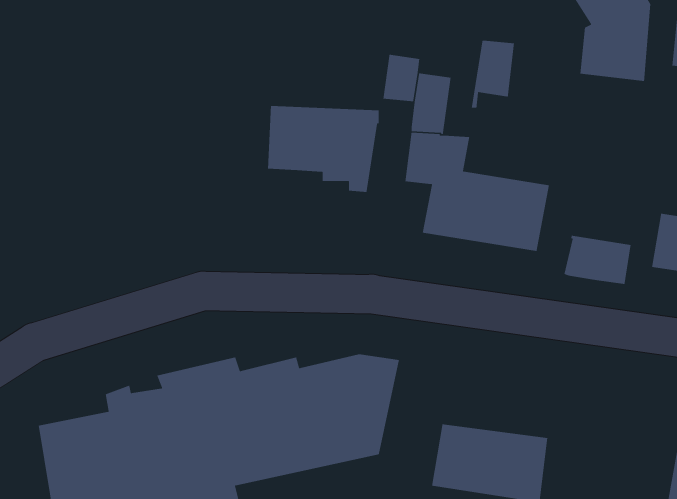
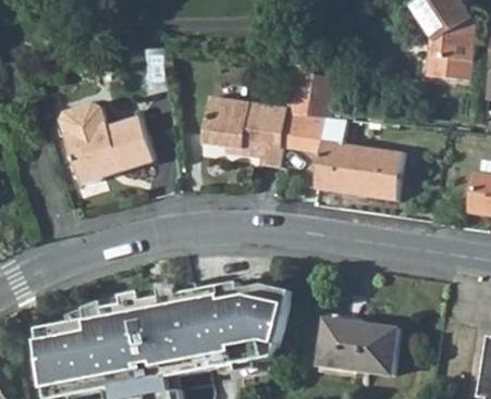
building: [471,40,515,108] -> [273,112,304,160]
building: none -> [63,102,155,183]
building: [563,235,632,285] -> none

